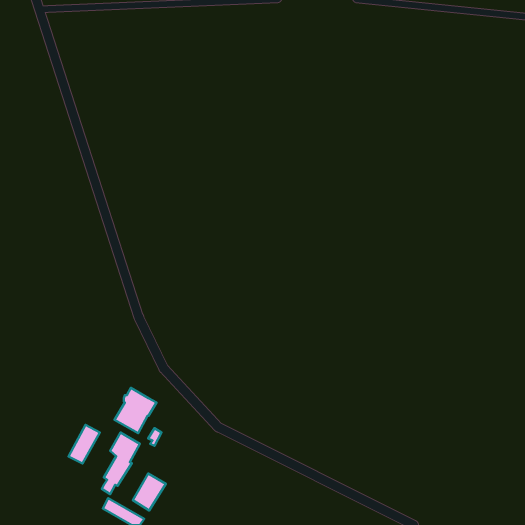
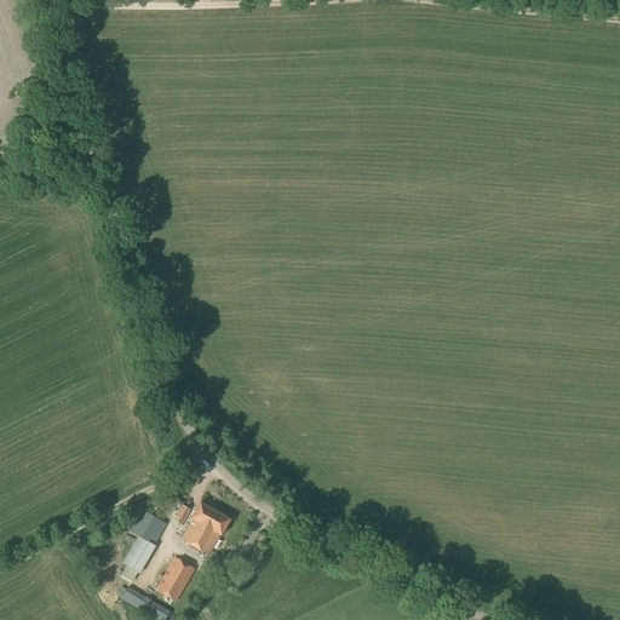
building: [114,388,157,433] -> [182,501,231,555]
building: [68,425,100,463] -> none

